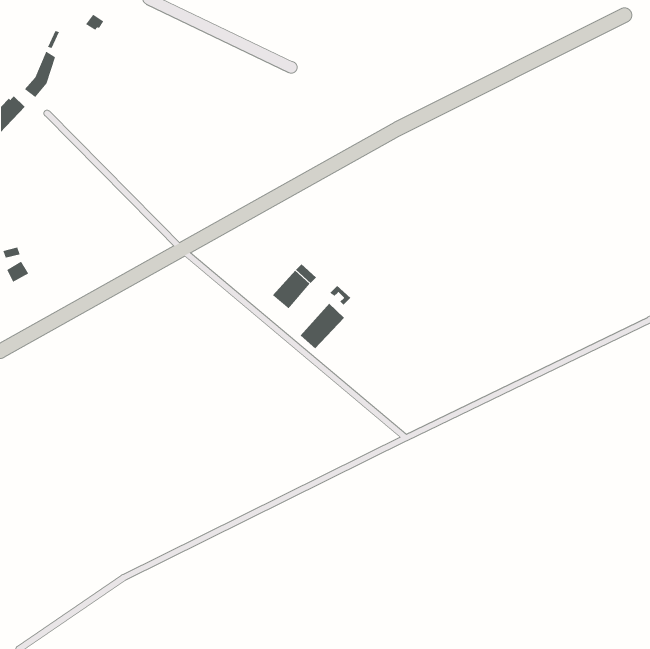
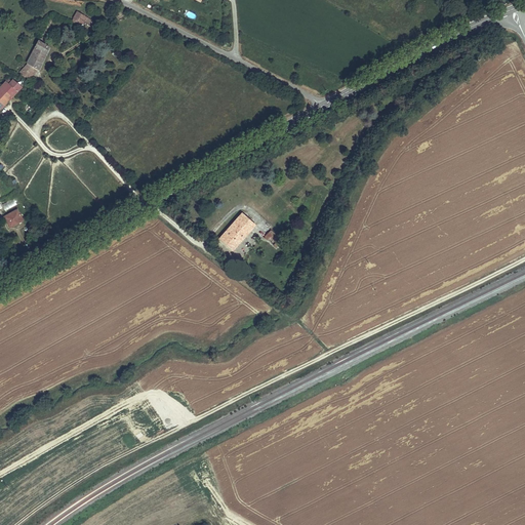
building: [300,303,345,349] -> none

